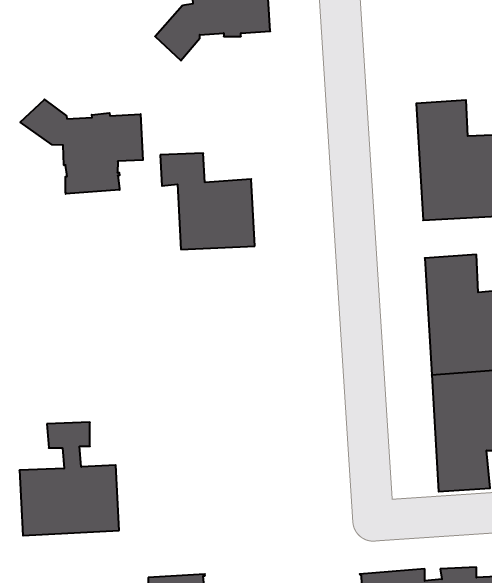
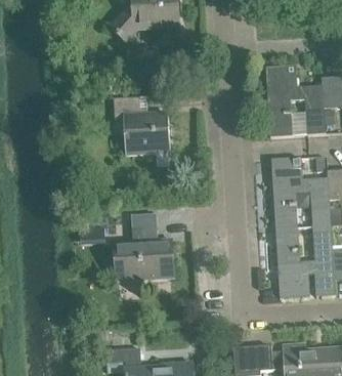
building: [20,99,143,194] -> none
building: [19,422,119,536] -> [114,213,173,281]

